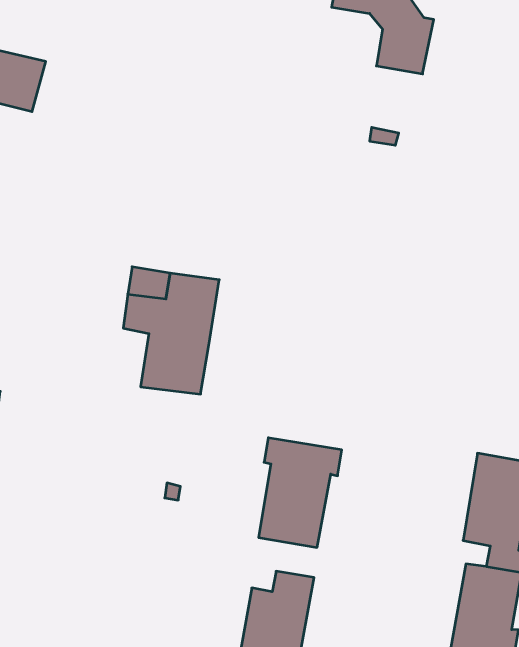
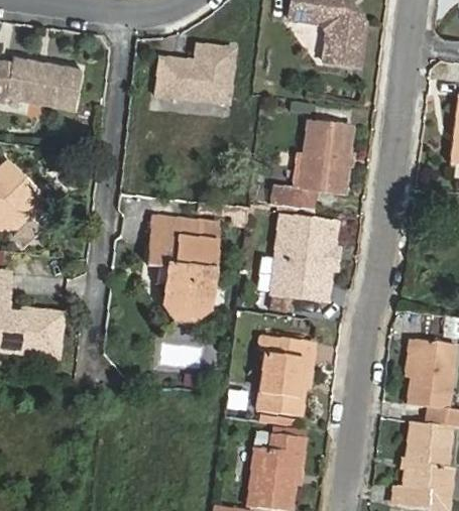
building: none -> [154,43,232,102]
building: none -> [270,122,352,211]
building: none -> [271,217,336,310]

